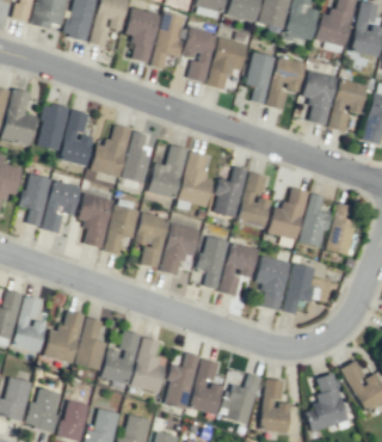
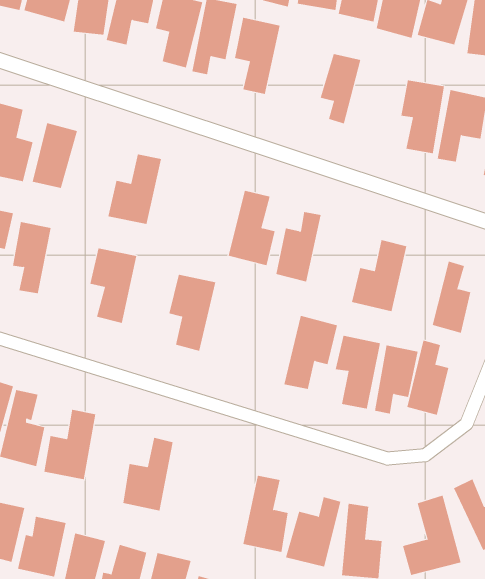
building: [209,37,248,90] -> none
building: [267,57,307,110] -> none
building: [61,110,93,166] -> none
building: [122,131,153,183] -> none
building: [149,146,187,199] -> none
building: [239,173,271,228] -> none
building: [43,180,82,233] -> none
building: [300,194,331,248] -> [406,340,449,416]
building: [104,204,141,256] -> none
building: [162,225,201,275] -> none
building: [199,237,228,290] -> none
building: [75,318,107,370] -> none
building: [131,338,167,393] -> none
building: [165,352,199,410] -> none

